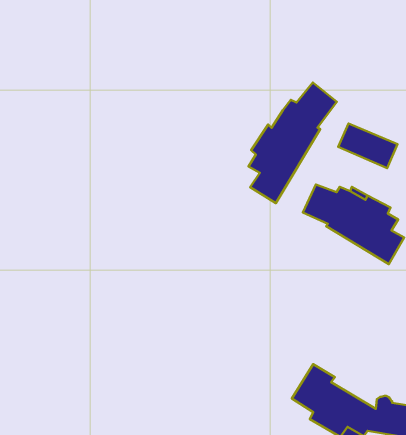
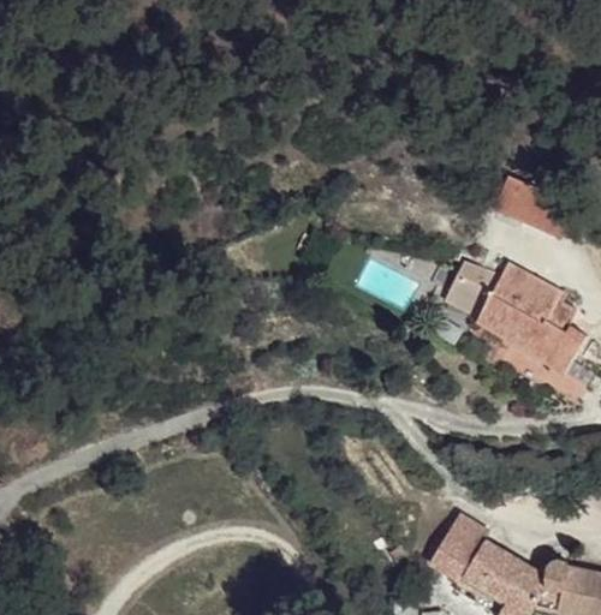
building: [249,83,337,203] -> none

